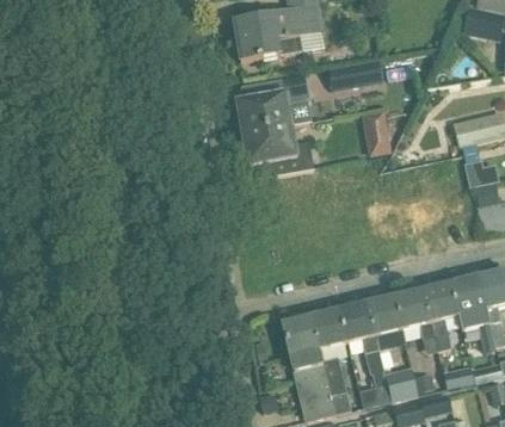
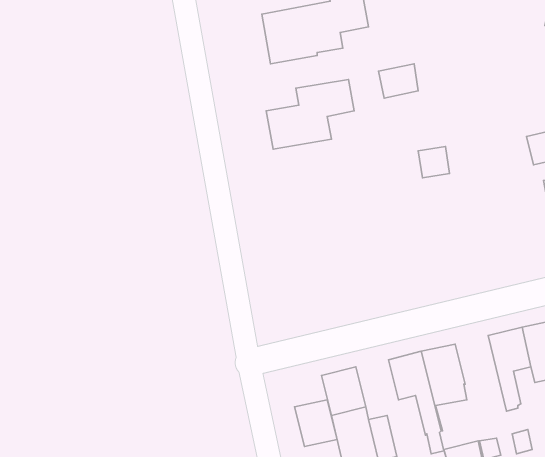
building: [242,122,313,172] -> none
building: [395,286,438,349] -> none
building: [312,307,347,346] -> [294,400,337,447]

